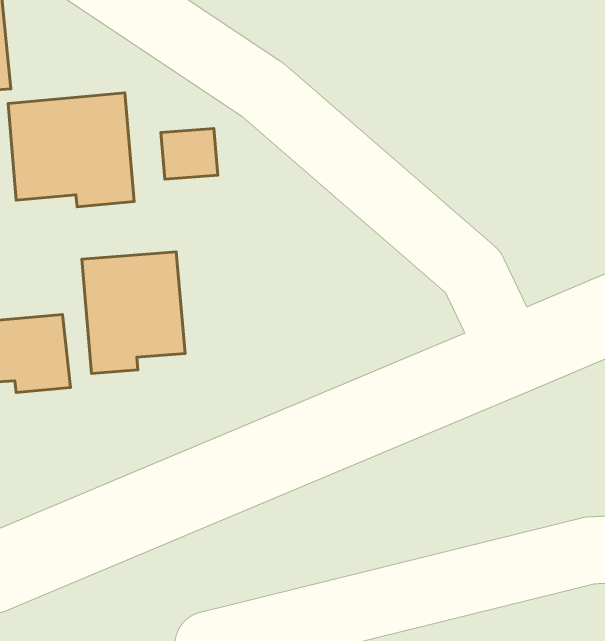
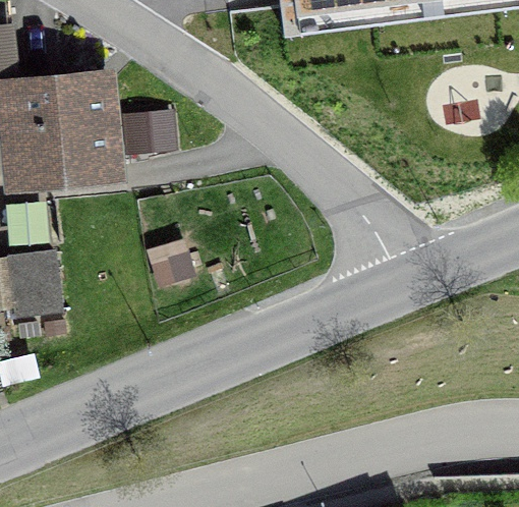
building: [82,252,185,373] -> none

